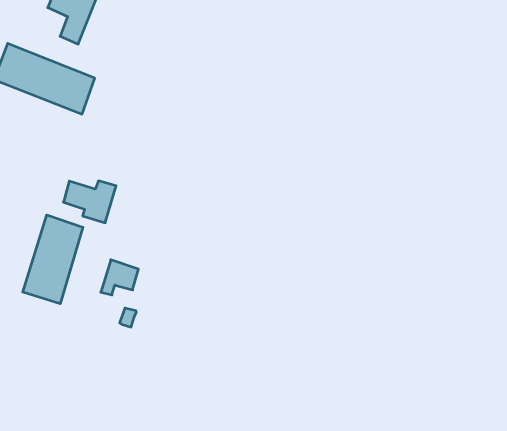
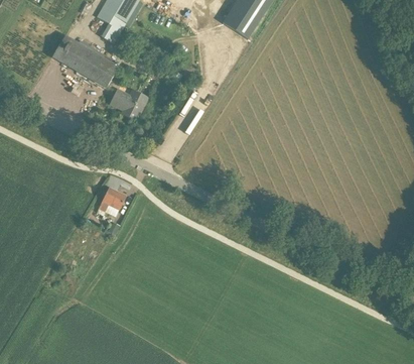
building: [63,181,116,223] -> [111,89,147,120]
building: [23,215,83,304] -> none

